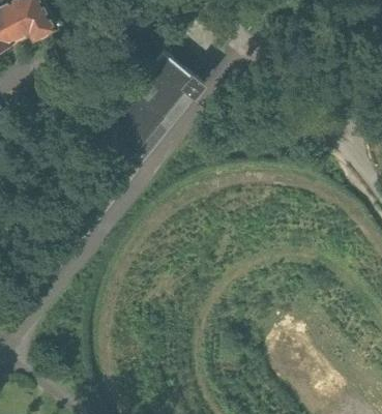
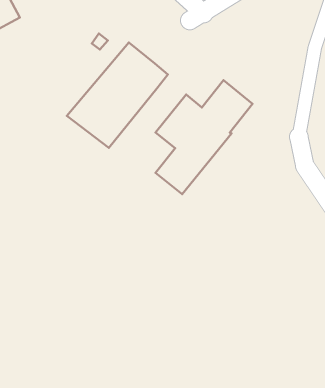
building: none -> [155,80,253,194]

